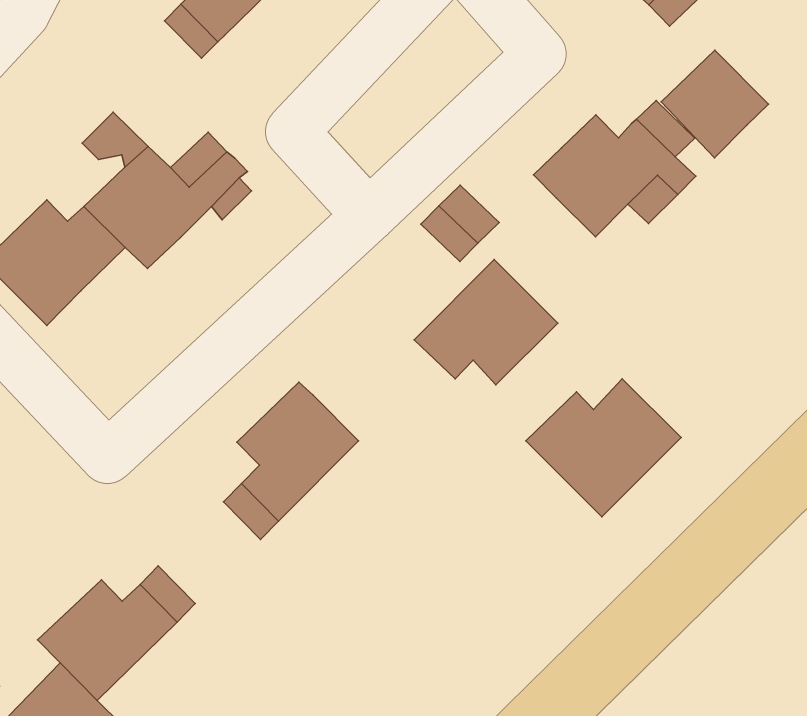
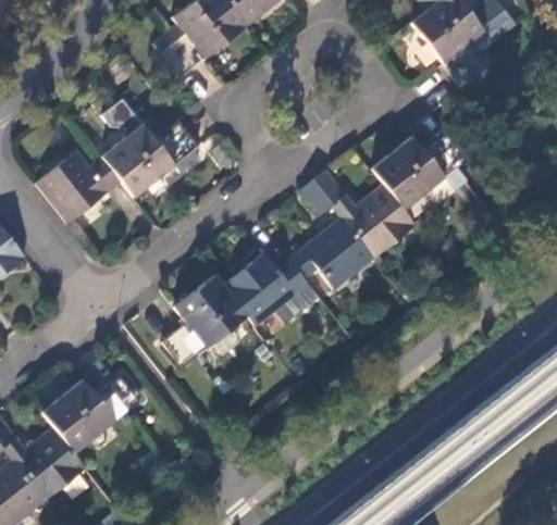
building: [661,50,768,158] -> none
building: none -> [342,183,418,258]
building: none -> [224,251,319,326]
building: [526,379,681,517] -> none

